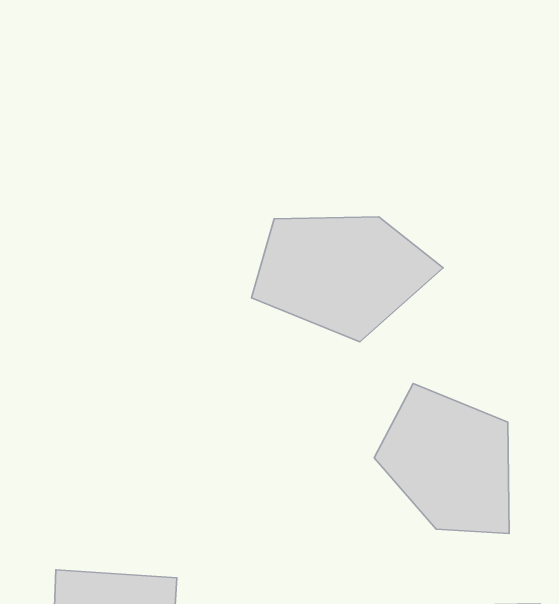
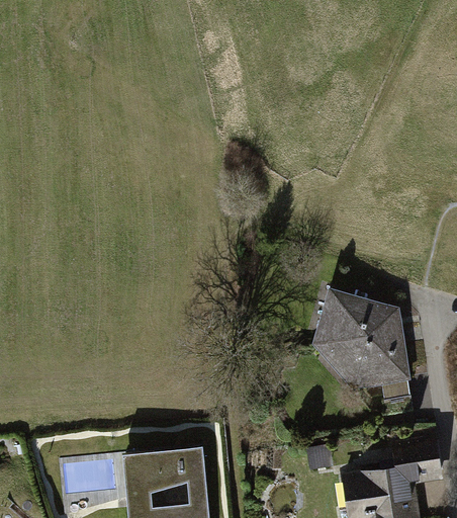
building: [252,217,443,342] -> none

